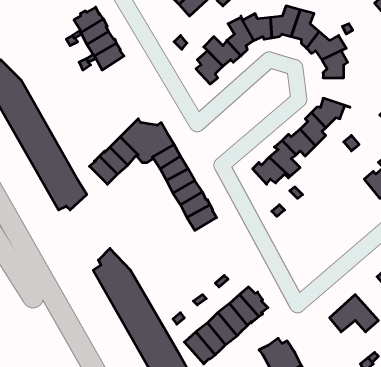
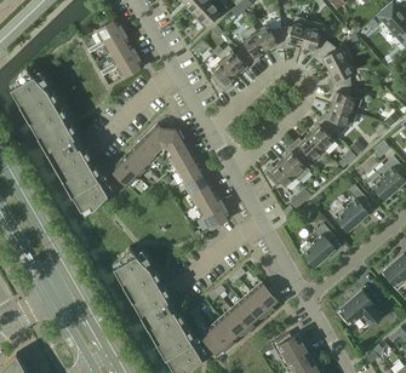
building: none -> [331,86,361,114]
building: none -> [333,185,368,233]
building: none -> [299,224,334,266]

